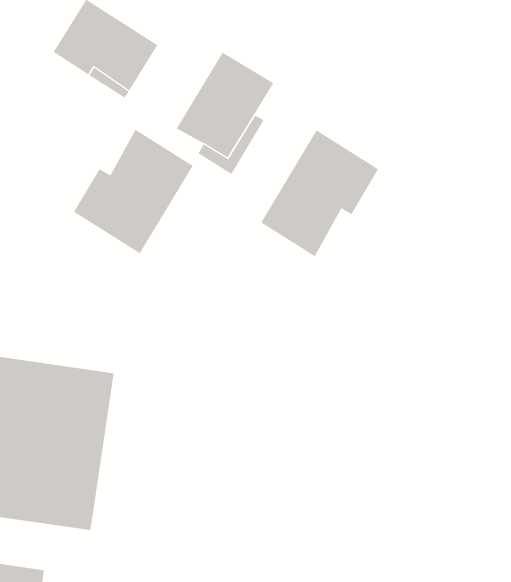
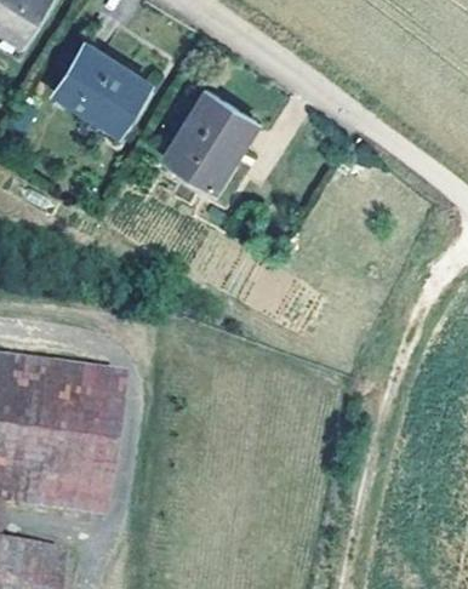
building: [73,129,194,254] -> none
building: [260,129,379,257] -> none

